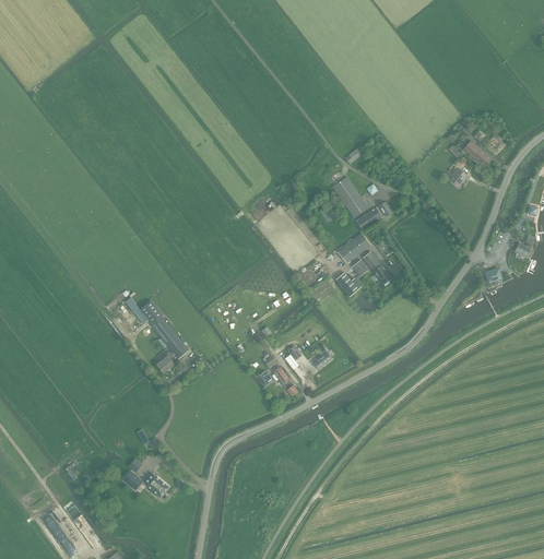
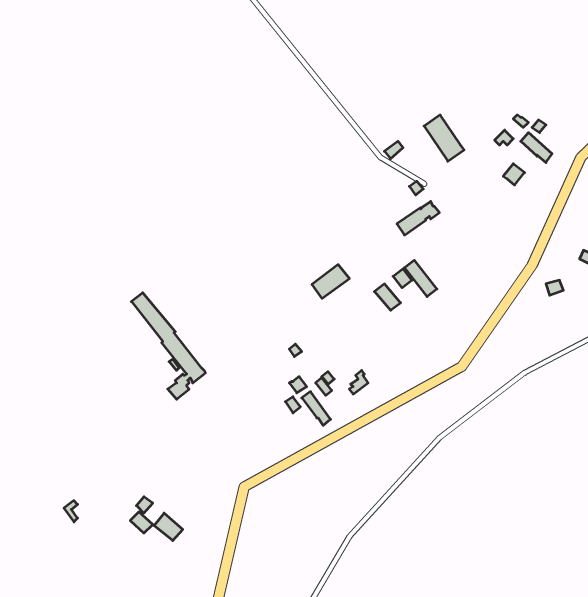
building: [332,176,367,216] -> [424,115,464,161]
building: [338,233,370,262] -> [312,265,349,298]

